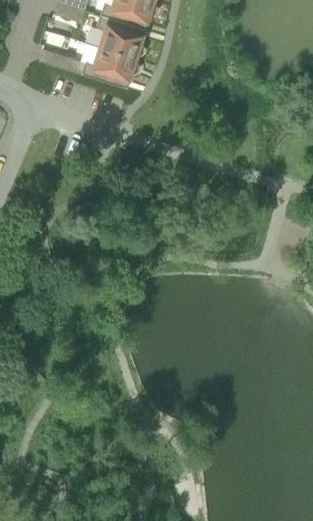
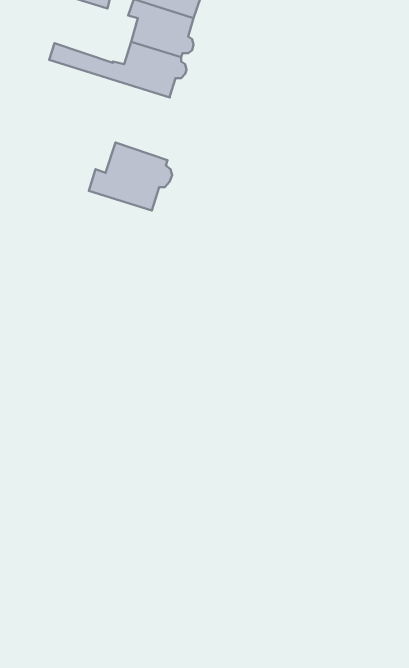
building: none -> [89,143,172,210]

